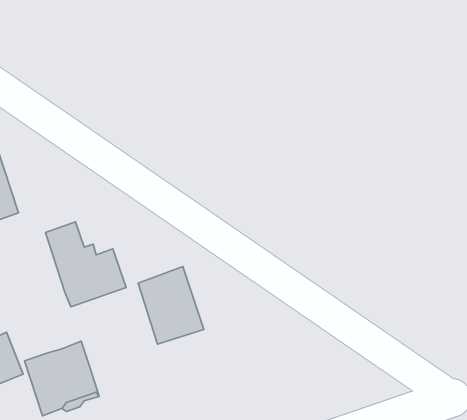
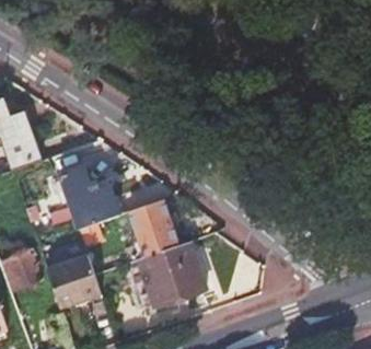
building: none -> [139,242,206,307]

